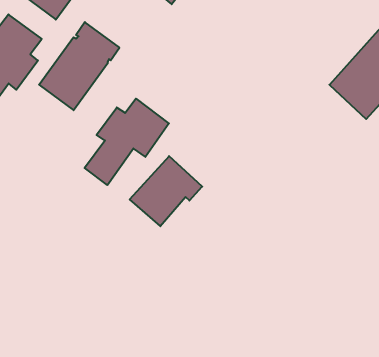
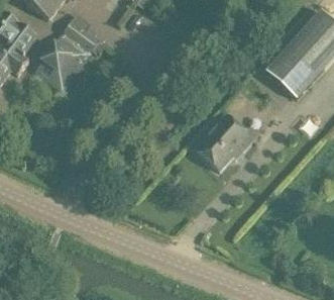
building: [85,99,169,185] -> none
building: [130,156,202,226] -> [197,112,254,168]

